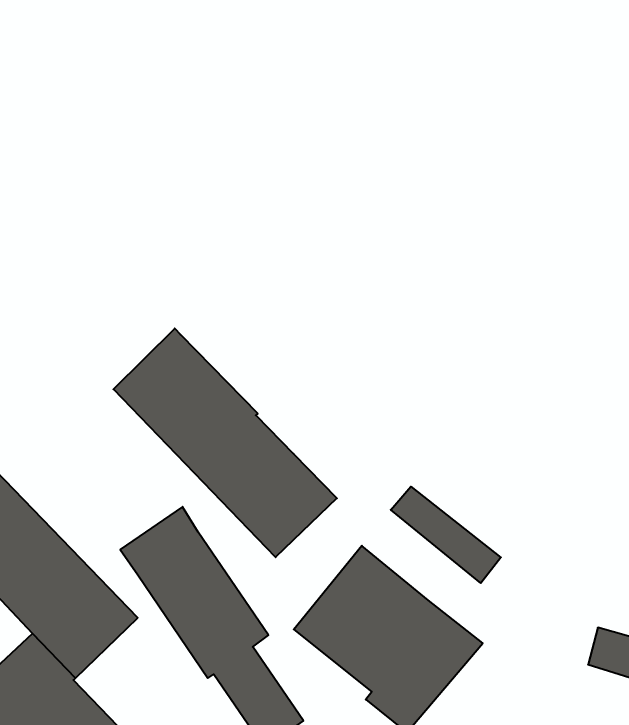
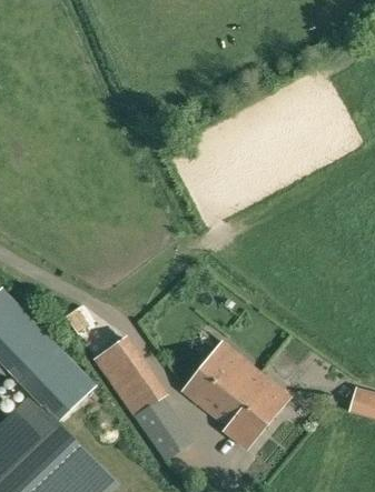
building: [113,328,337,557] -> none
building: [391,487,501,583] -> none

